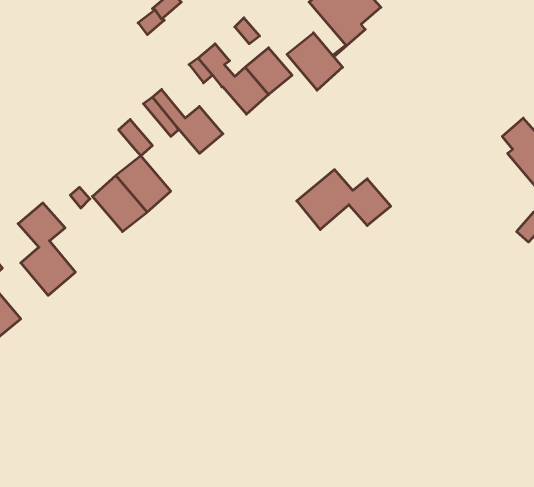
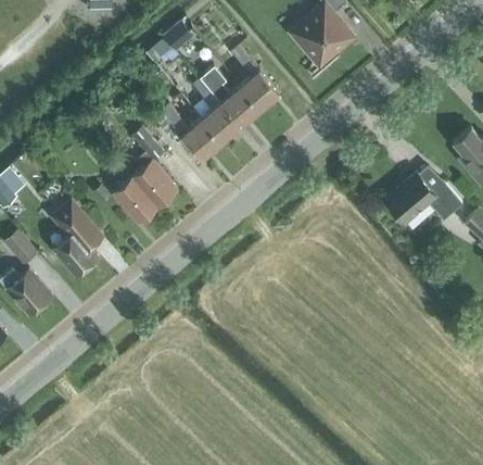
building: [287,33,343,90] -> none
building: none -> [201,102,240,141]
building: [297,170,391,230] -> [384,174,462,224]

